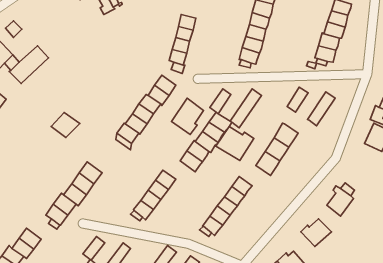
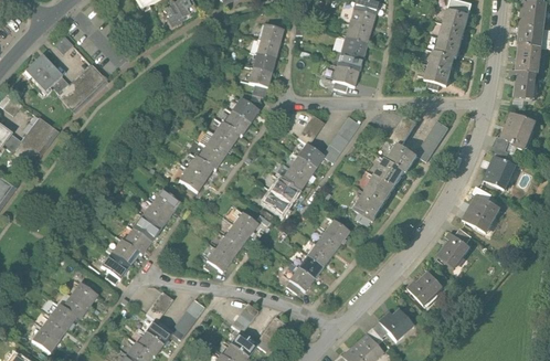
building: [172,98,204,134] -> none
building: none -> [388,140,417,169]
building: [51,113,80,137] -> [151,185,186,215]
building: [216,127,254,161] -> none
building: none -> [464,194,500,231]

